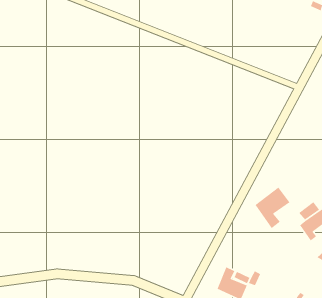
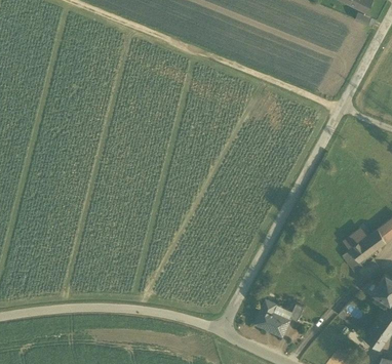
building: [254,186,290,229] -> none

